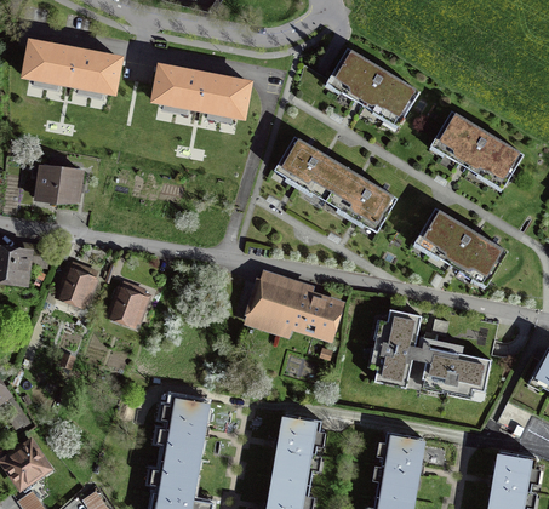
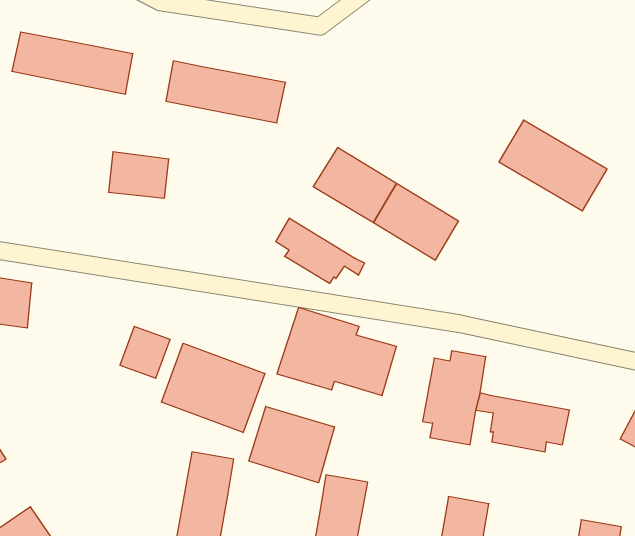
building: [326,51,418,128] -> none
building: [33,166,84,205] -> [108,152,169,198]
building: none -> [276,218,365,283]
building: [414,211,507,288] -> none
building: [58,262,102,309] -> none
building: none -> [161,343,265,433]
building: none -> [249,406,335,483]

